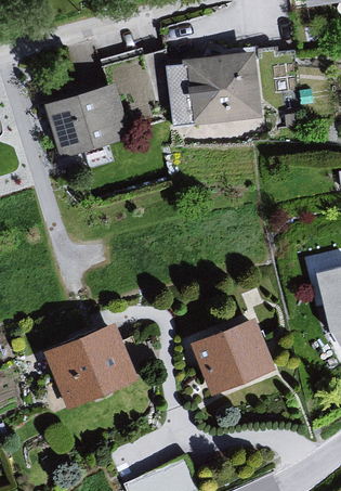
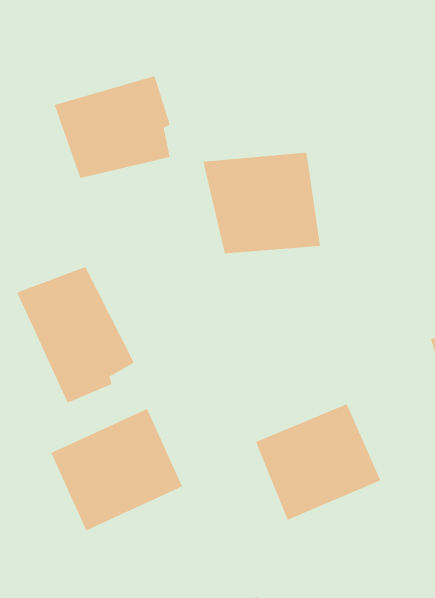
building: [180,54,263,126] -> [203,152,321,254]
building: none -> [16,266,134,404]

